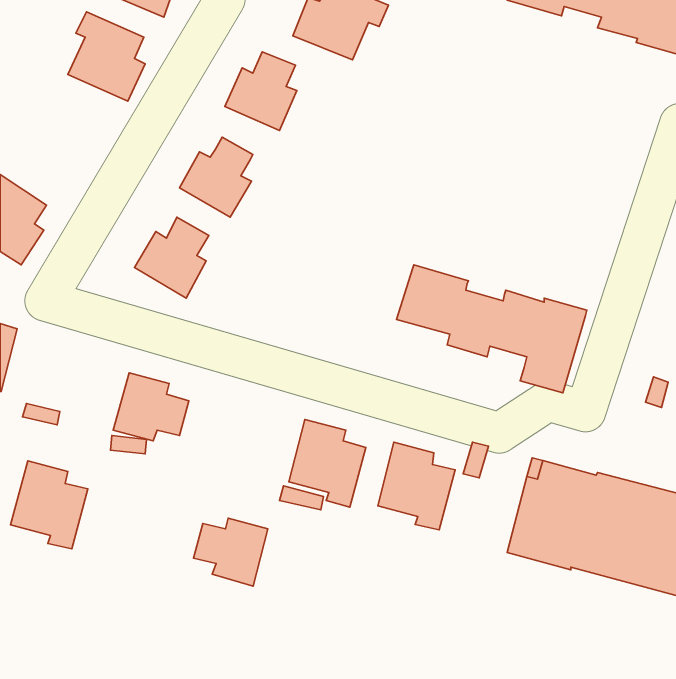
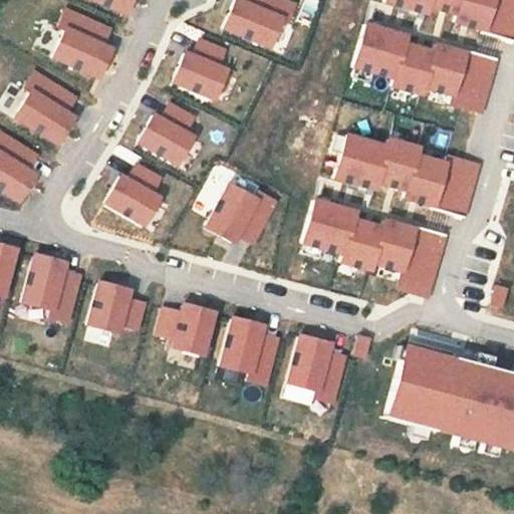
building: none -> [353,23,497,110]
building: none -> [17,71,77,143]
building: none -> [335,135,479,217]
building: none -> [206,183,276,242]
building: [11,461,88,549] -> [23,253,81,319]
building: [193,518,268,586] -> [158,303,214,354]

